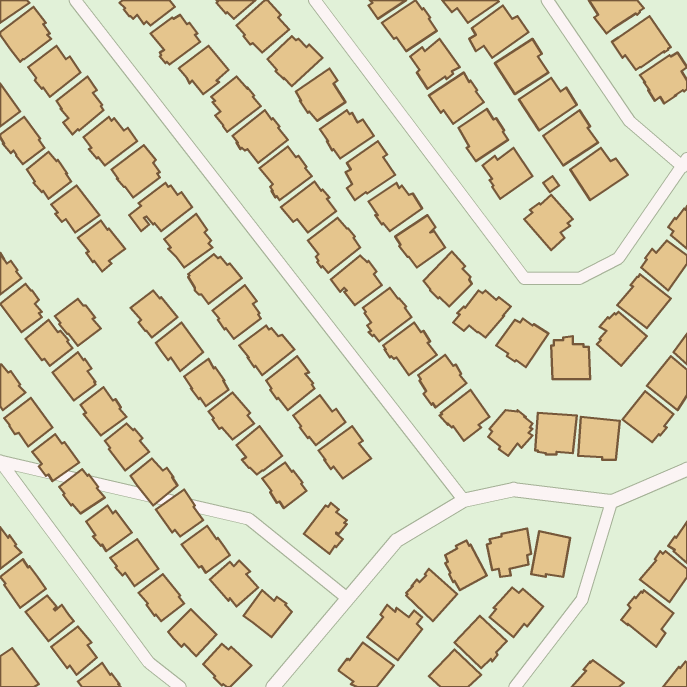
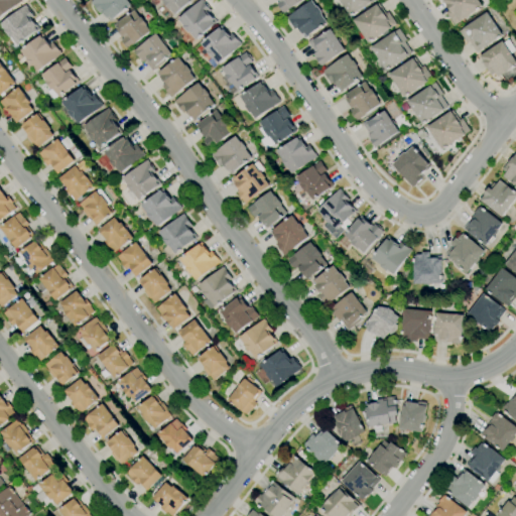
building: [55,299,101,346] -> [79,191,113,227]
building: none -> [255,351,301,387]
building: none -> [445,471,485,508]

